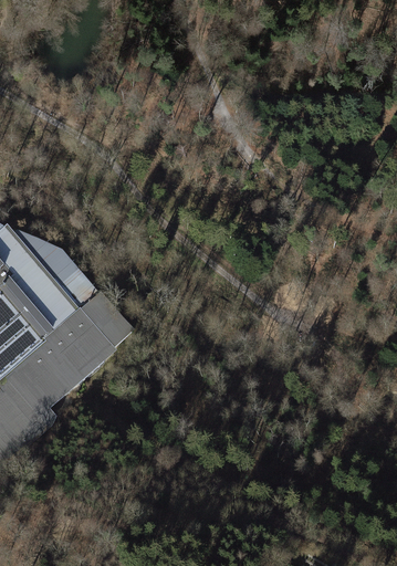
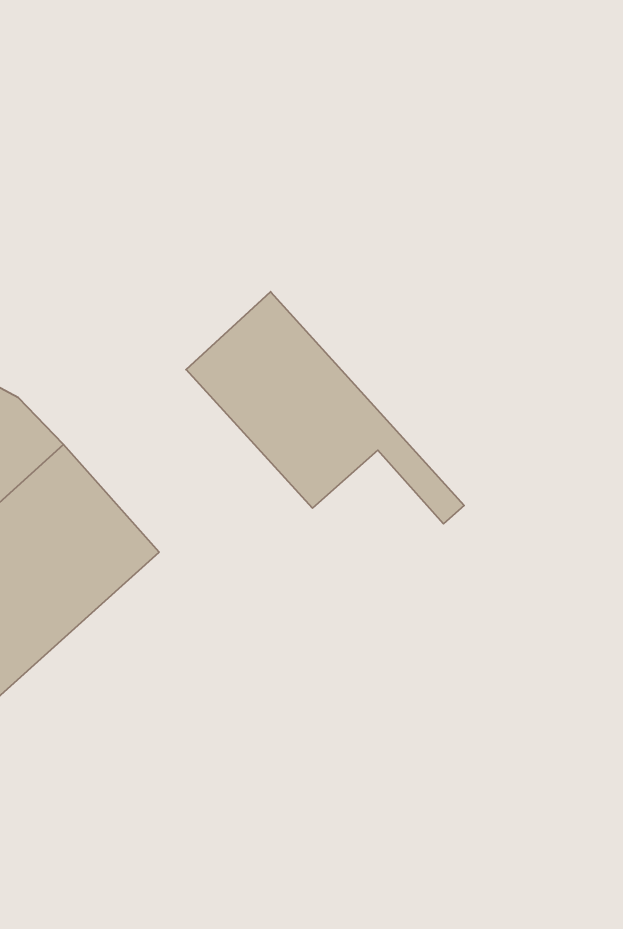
building: none -> [186,292,464,524]

